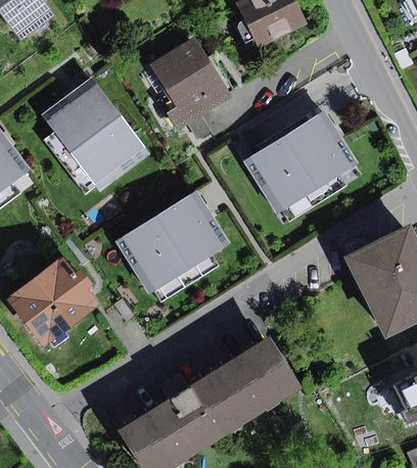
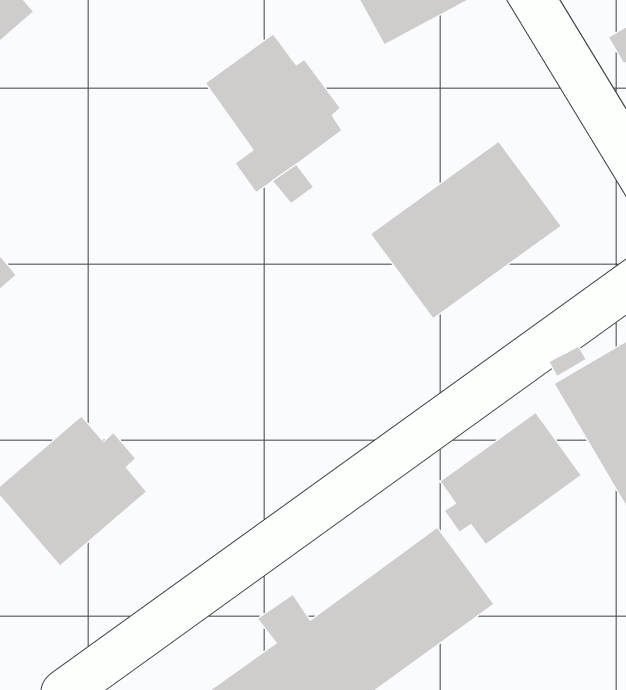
building: [42,78,149,191] -> none
building: [113,191,230,294] -> none
building: none -> [440,412,581,545]

